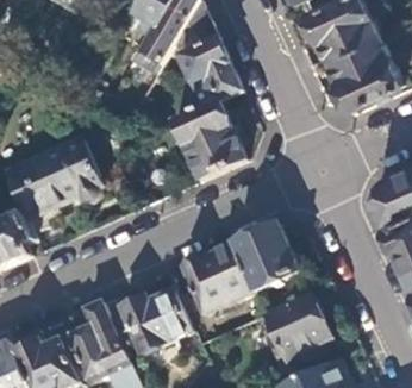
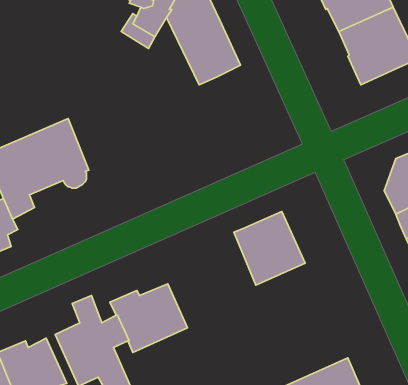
building: [170,100,243,181] -> none
building: [179,243,252,317] -> none
building: [263,294,329,367] -> none

